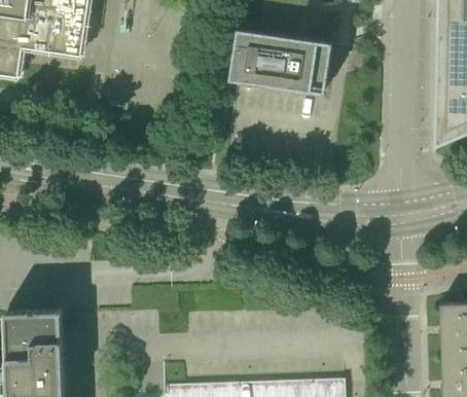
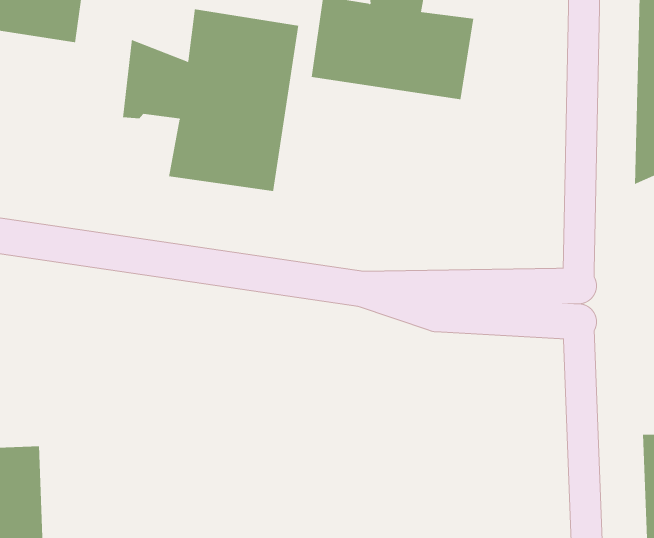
building: none -> [122,8,299,192]

